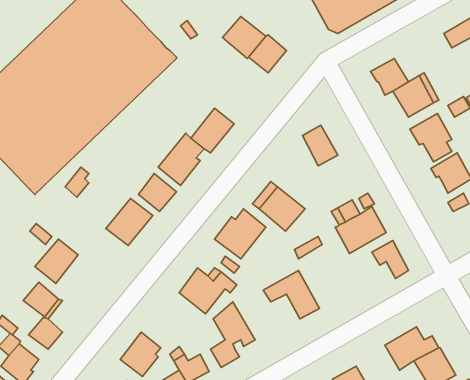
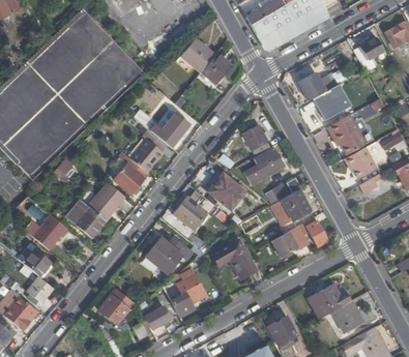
building: none -> [244,147,284,185]
building: none -> [66,200,106,237]
building: none -> [270,226,306,258]

